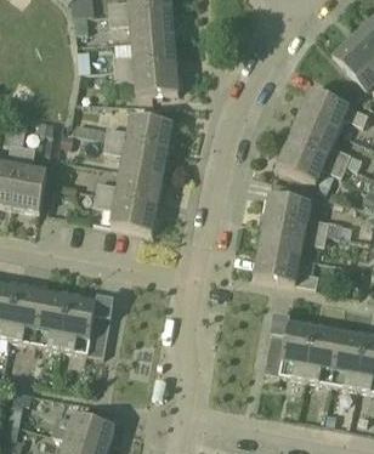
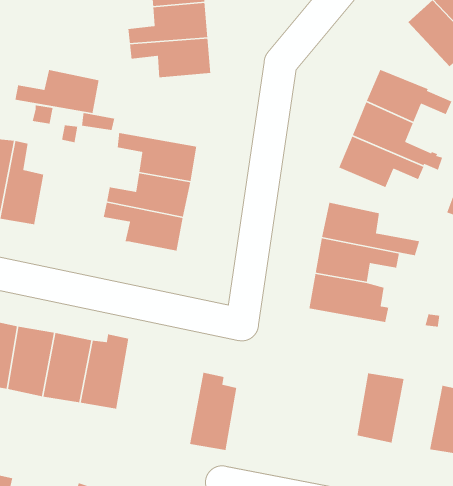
building: [106,113,172,148] -> [14,69,99,114]
building: [264,313,301,375] -> [189,372,237,451]
building: [321,330,359,386] -> none

